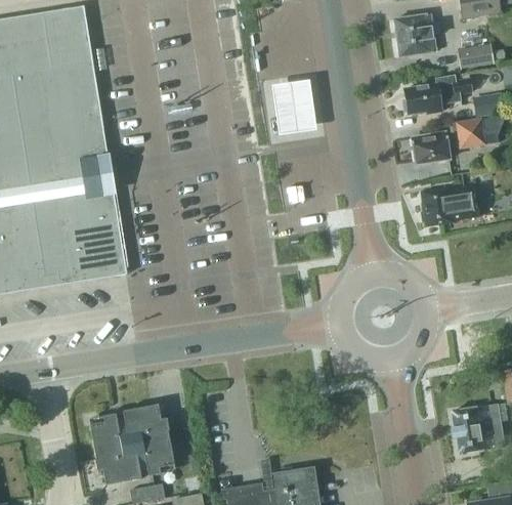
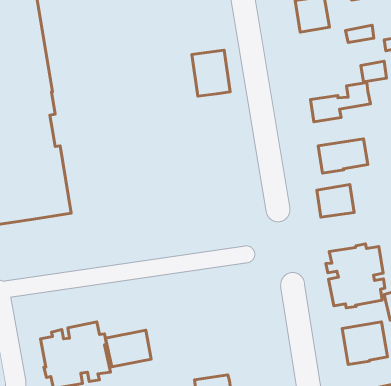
building: [404,74,471,115] -> none
building: none -> [317,185,354,217]
building: none -> [326,244,385,308]
building: none -> [106,330,151,367]

